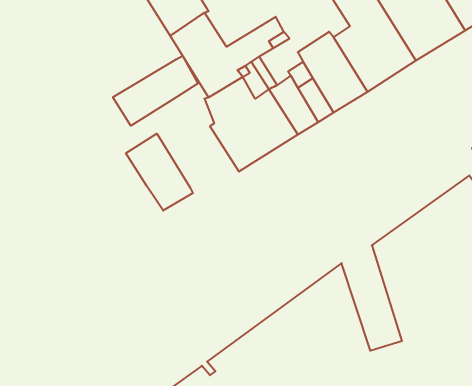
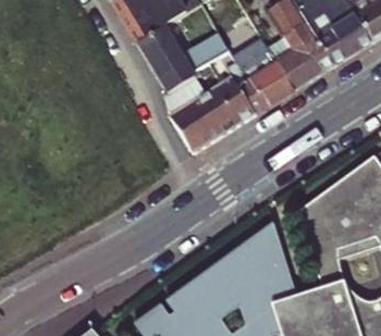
building: [113,56,198,126] -> none
building: [126,134,193,211] -> none

